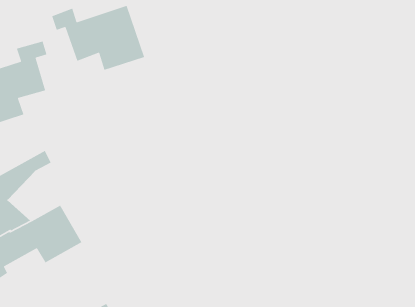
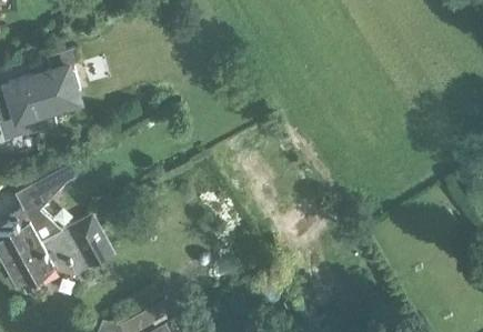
building: [51,5,145,71] -> none

